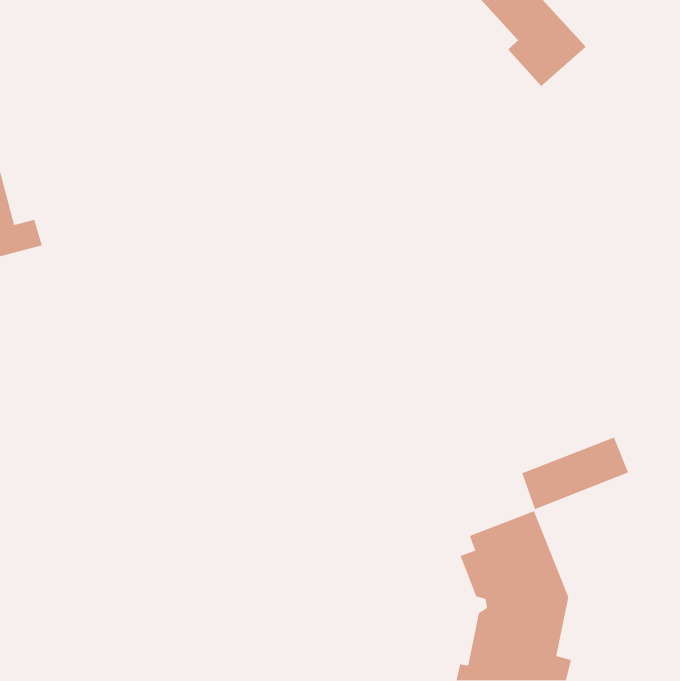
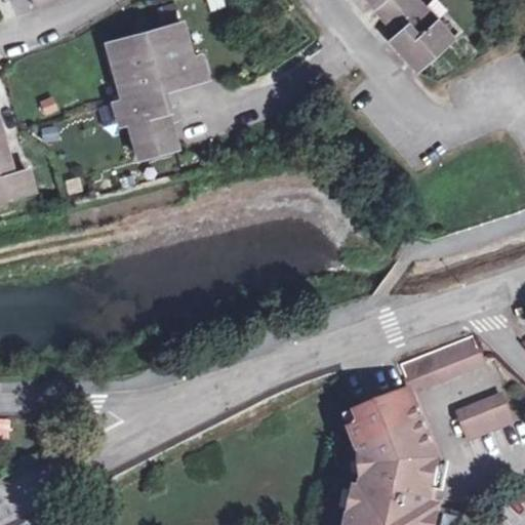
building: none -> [103,23,204,157]
building: none -> [456,394,512,439]

